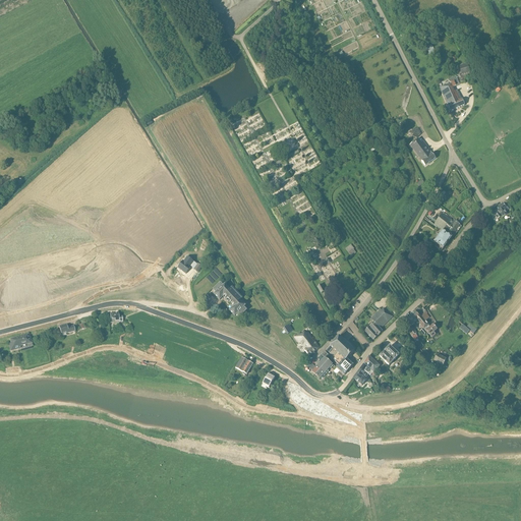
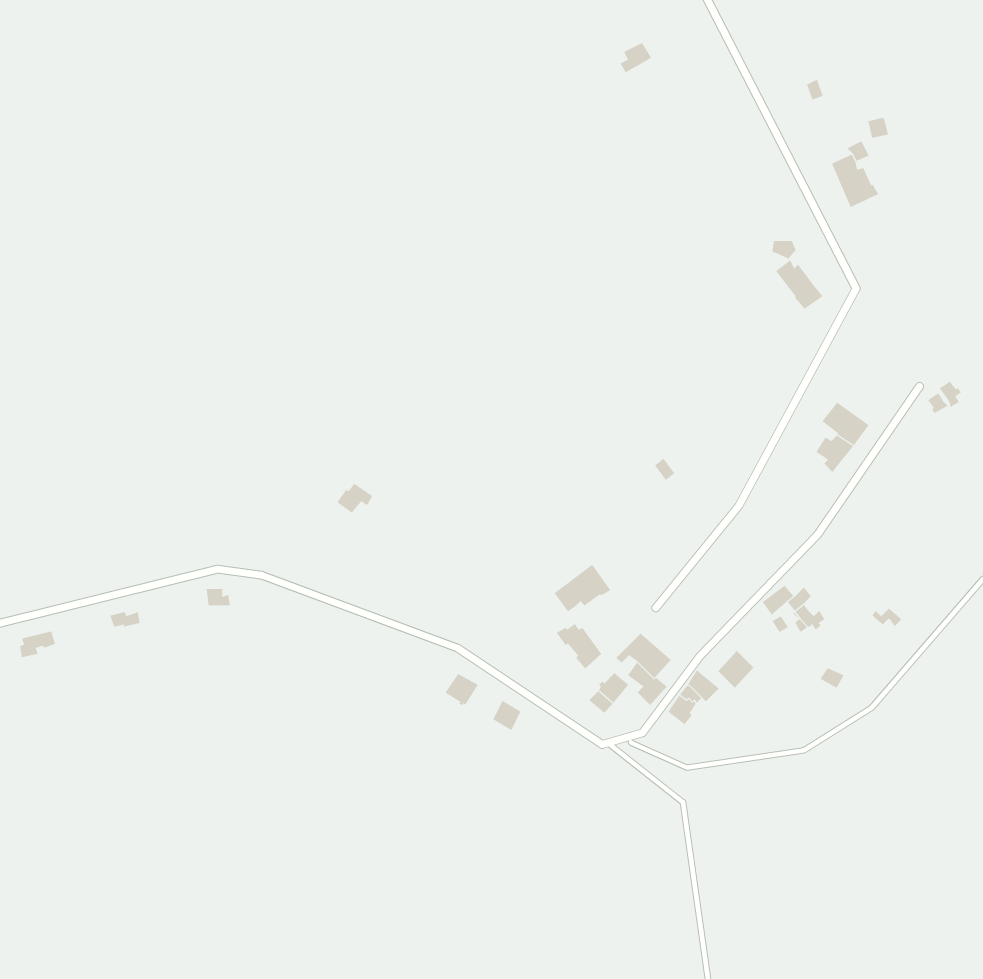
building: [213,281,247,316] -> none
building: none -> [554,564,611,612]
building: [364,306,393,339] -> none

